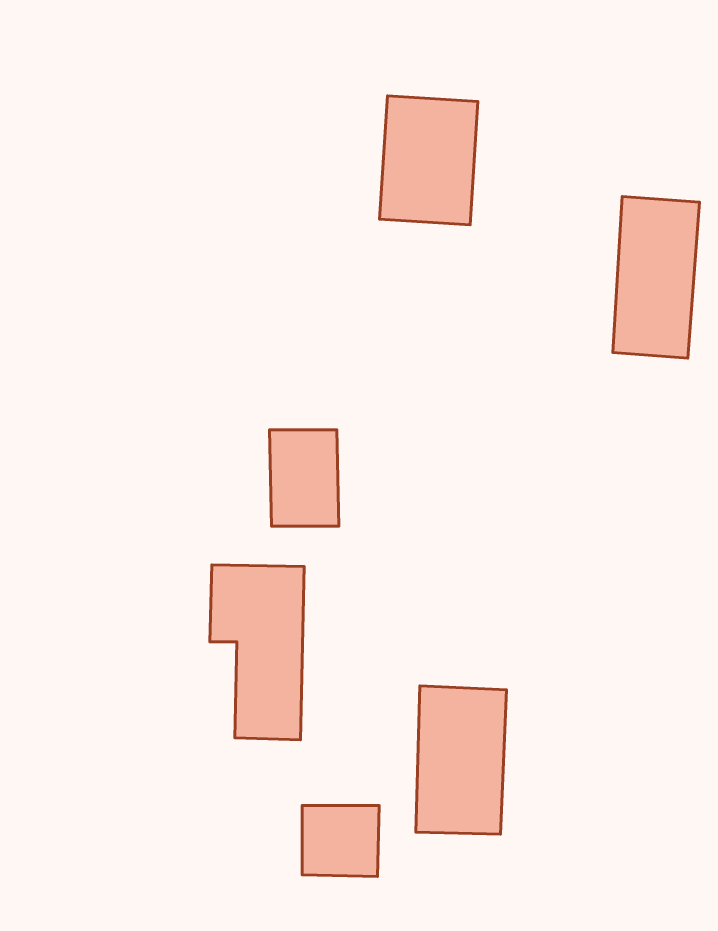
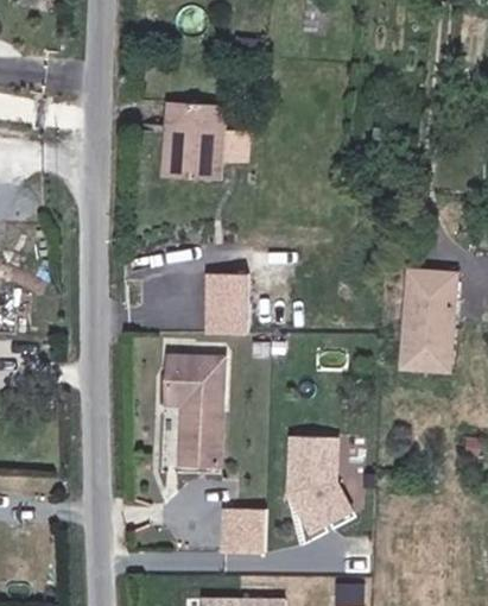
building: [380,96,478,225] -> [163,101,223,181]
building: [613,196,699,358] -> [400,271,454,371]

